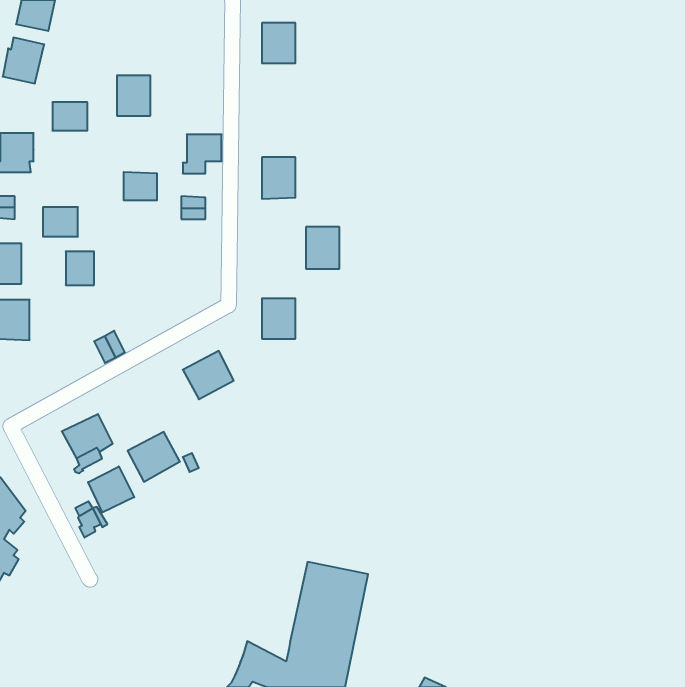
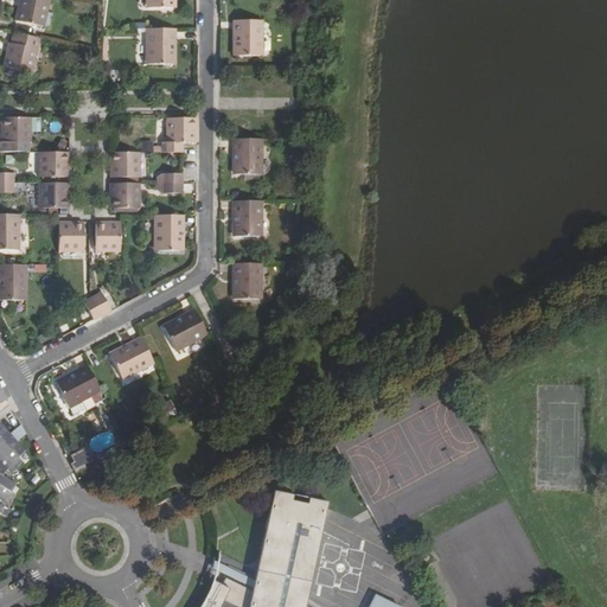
building: [117,75,150,116] -> [145,28,174,64]
building: [52,102,87,131] -> [38,152,69,177]
building: none -> [109,183,139,209]
building: [306,227,339,269] -> [231,200,261,237]
building: none -> [153,215,184,251]
building: none -> [95,222,119,253]
building: [128,432,180,482] -> [108,337,154,381]
building: [88,466,134,512] -> none

